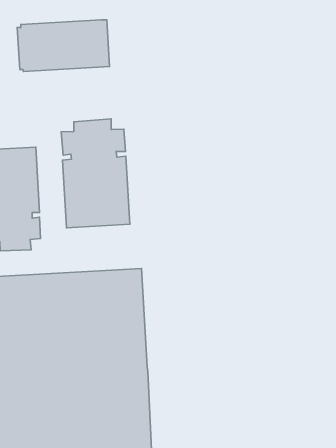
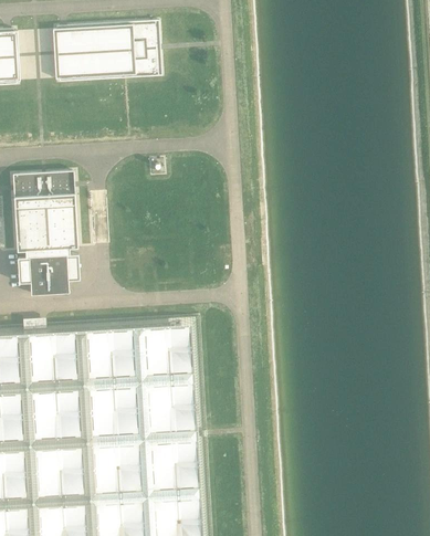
building: [61,119,130,228] -> none

